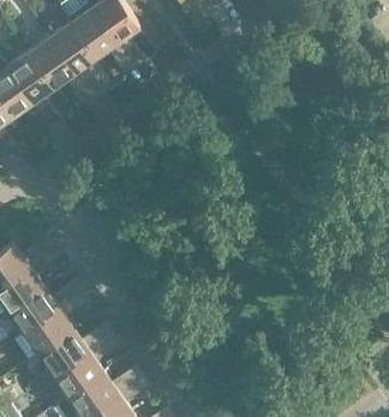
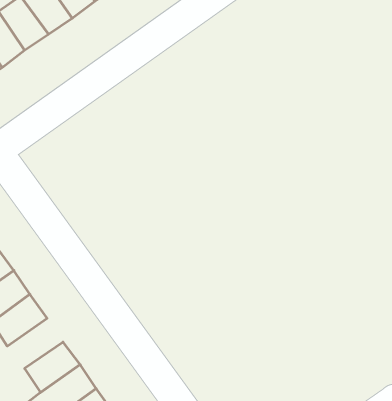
building: [37,329,88,375] -> none

